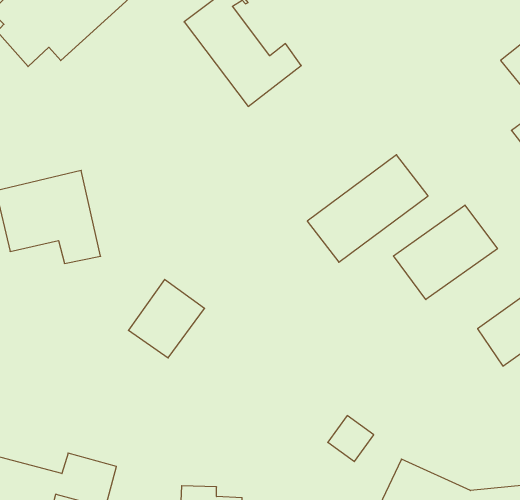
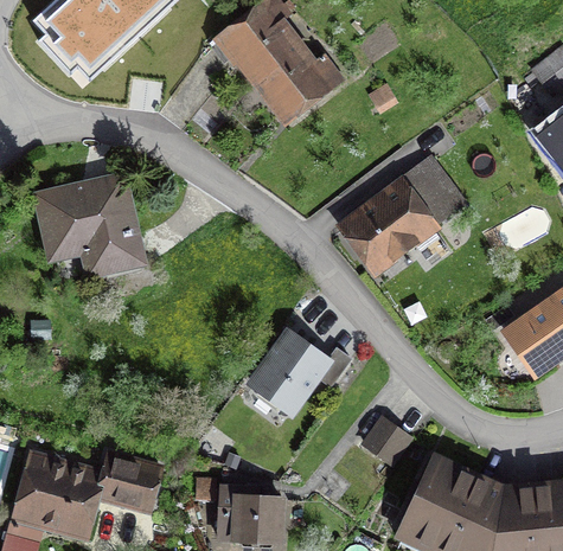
building: [393,205,497,300] -> none
building: [128,279,205,358] -> [251,334,326,411]

